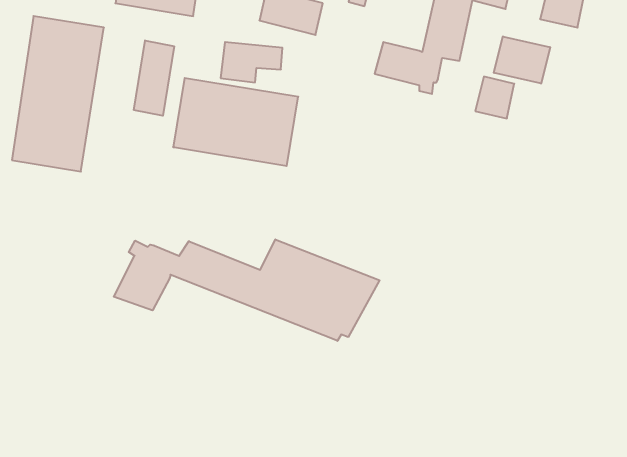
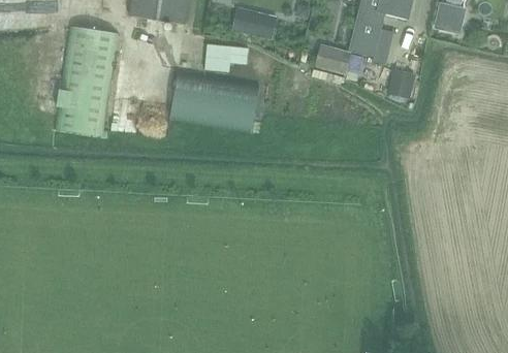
building: [494,36,550,84] -> none
building: [134,40,174,116] -> none
building: [114,239,380,341] -> none

